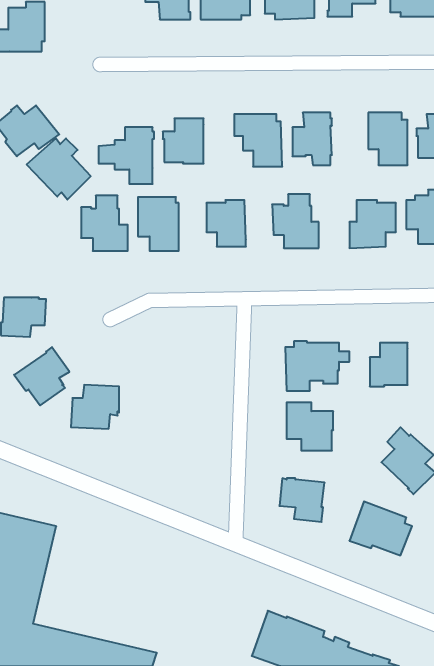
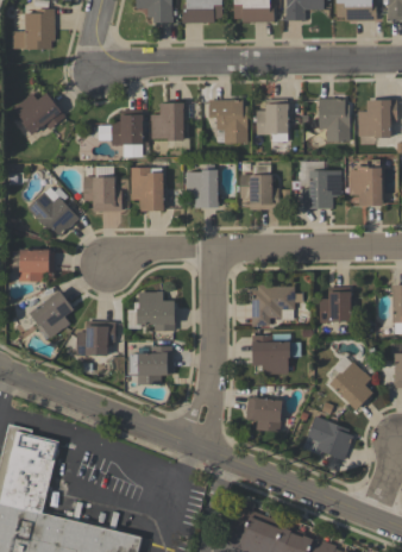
building: [27,138,91,200] -> [26,187,78,237]
building: none -> [136,291,174,331]
building: none -> [128,346,171,385]

